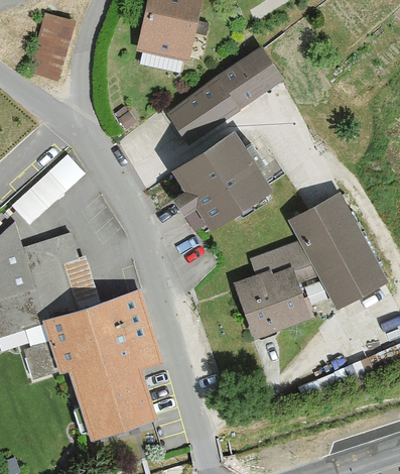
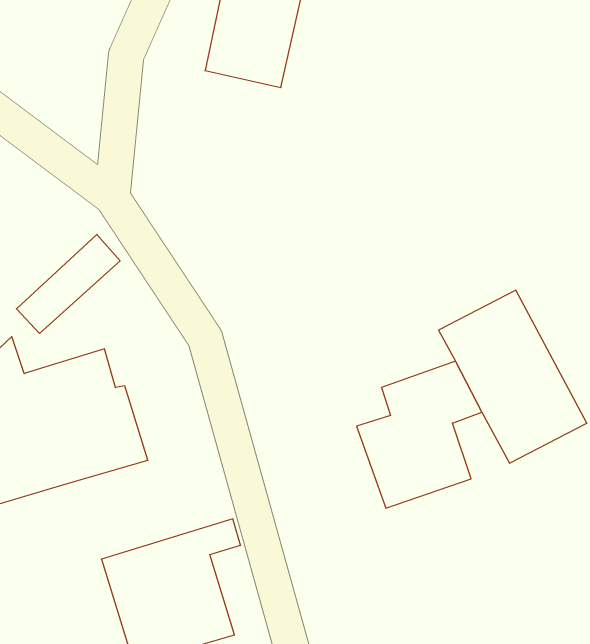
building: [28,14,72,79] -> none
building: [167,47,283,143] -> none
building: [173,132,270,227] -> none
building: [22,291,155,380] -> none

